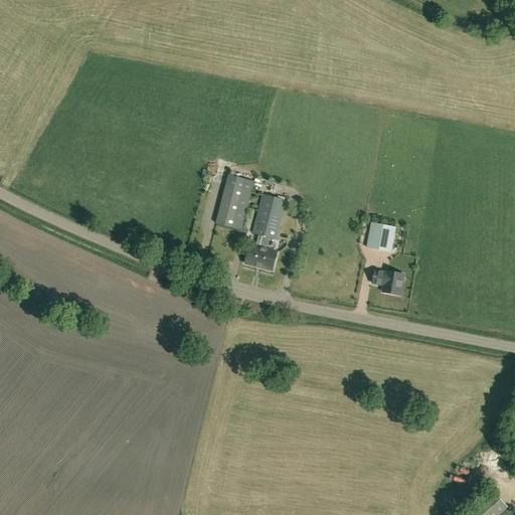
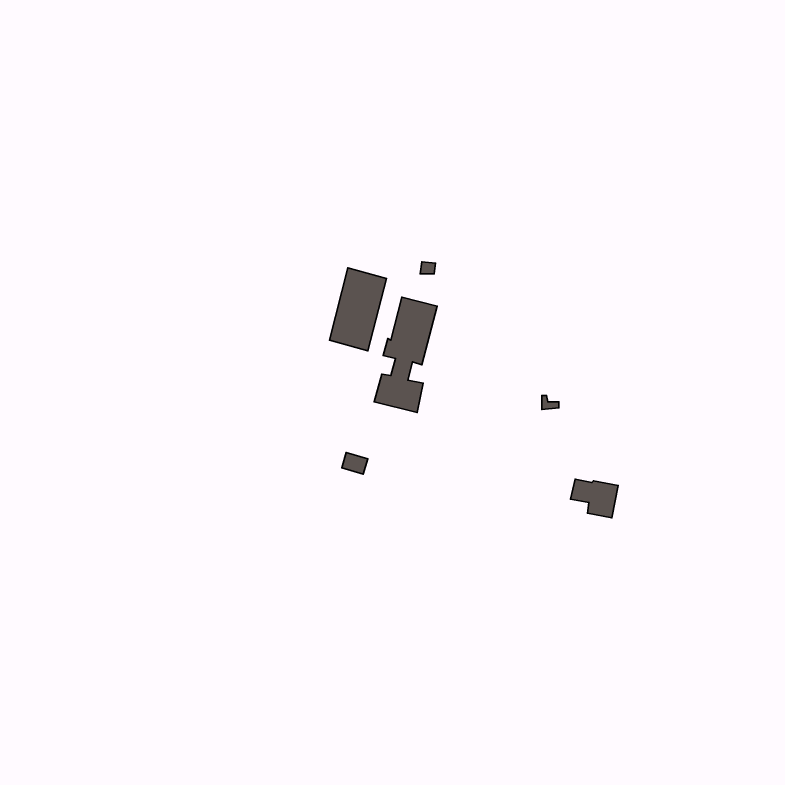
building: [366,222,394,251] -> none
building: [371,270,402,295] -> [570,479,618,518]

